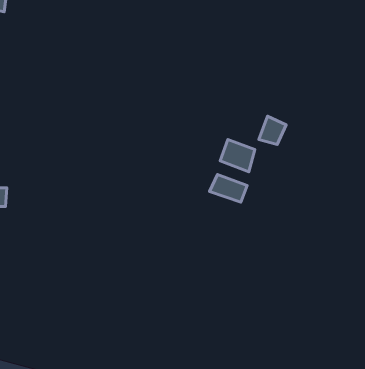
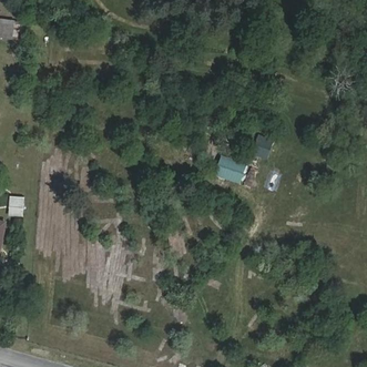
building: [209,175,247,202] -> none

